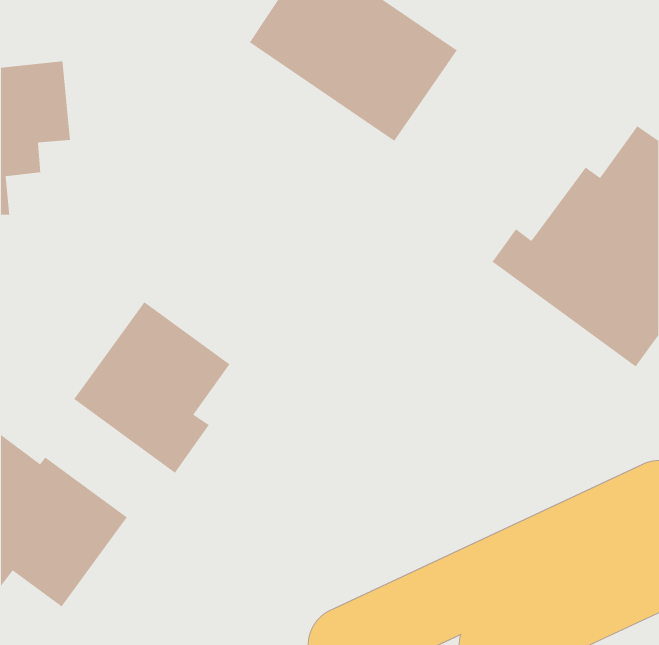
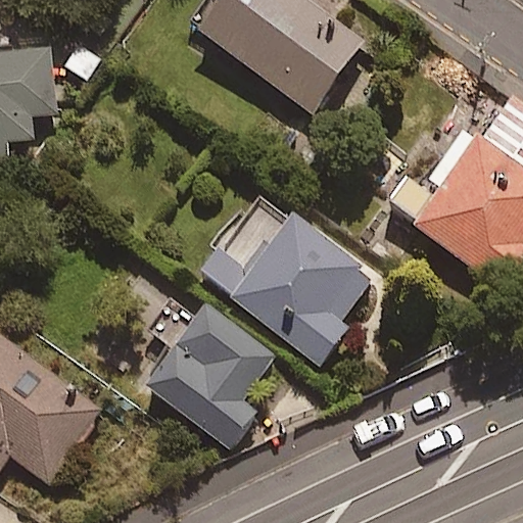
building: none -> [199,195,371,365]
building: [73,301,230,474] -> [148,311,273,447]

